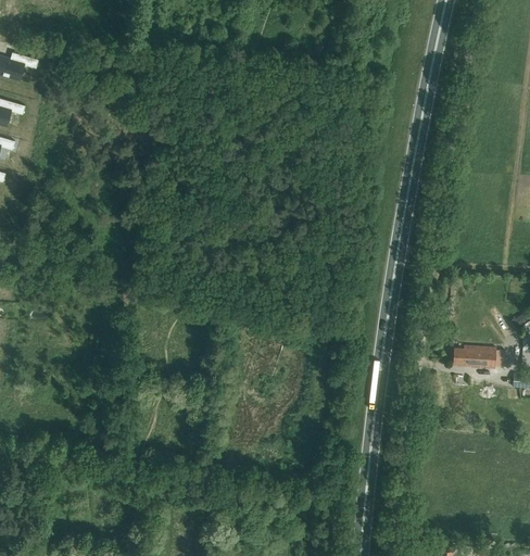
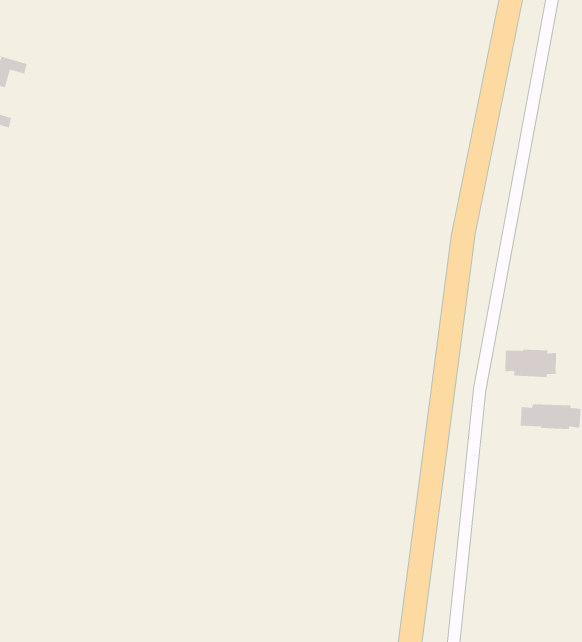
building: none -> [505,349,557,378]

